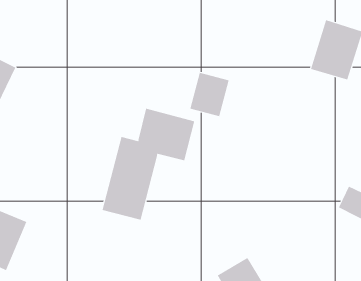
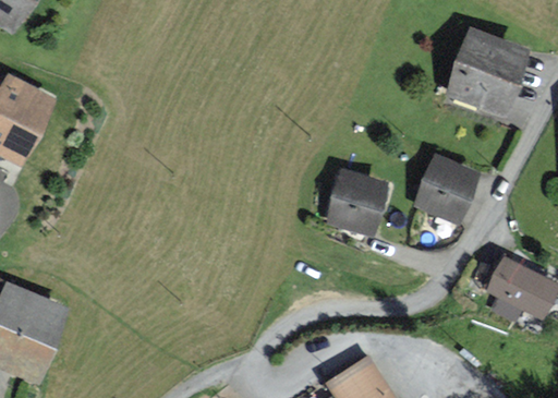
building: [190,72,230,117] -> [331,170,386,231]
building: [102,108,195,221] -> none
building: none -> [420,157,478,220]

